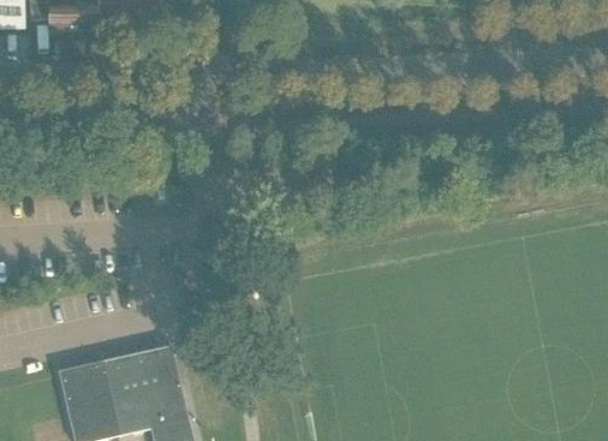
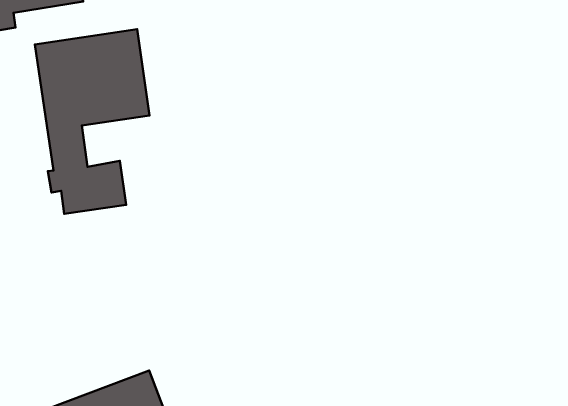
building: none -> [35,29,149,214]

